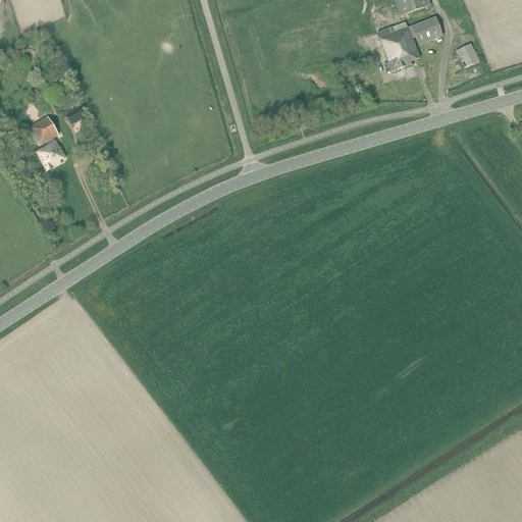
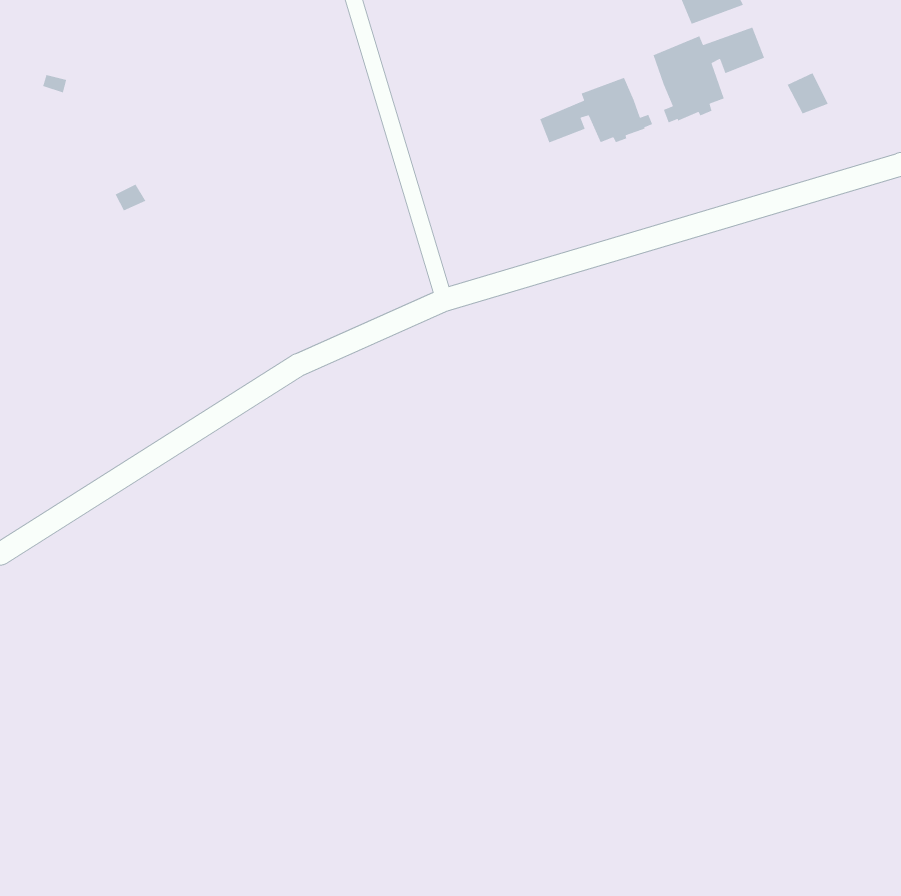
building: none -> [539,77,653,144]
building: [30,115,66,170] -> none

